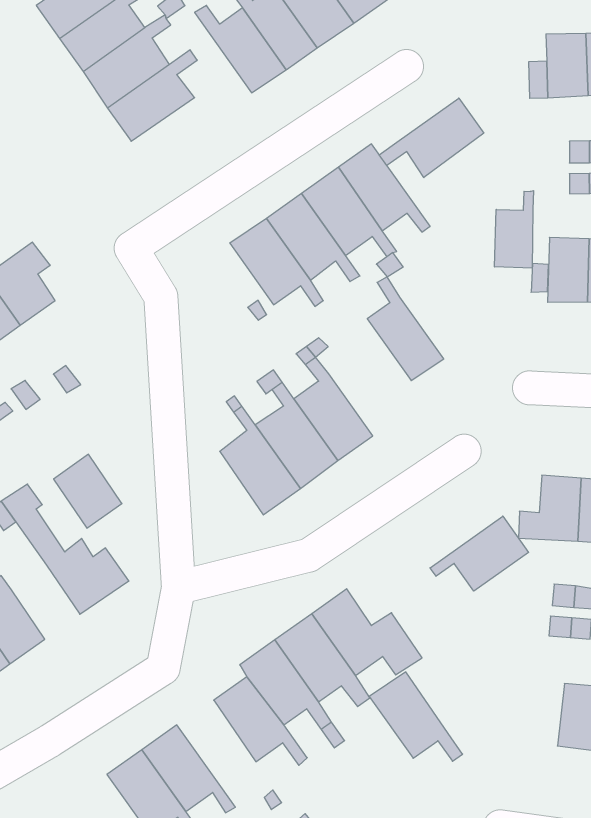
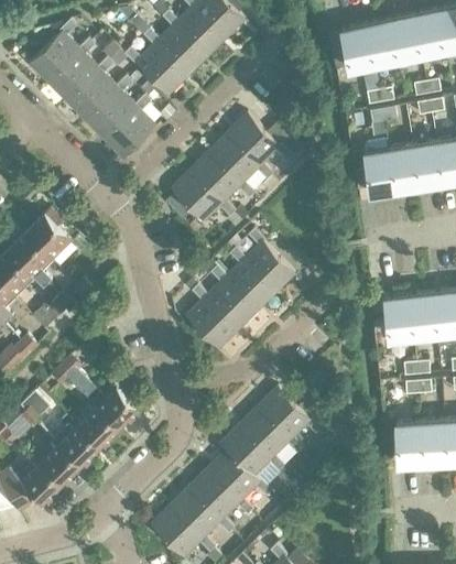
building: none -> [99,95,155,160]
building: [379,98,484,178] -> none
building: [495,191,533,268] -> none
building: [367,277,444,381] -> [243,231,294,292]
building: [54,454,122,528] -> [73,404,117,449]
building: [430,516,529,591] -> none
building: [369,672,463,761] -> [187,469,250,521]
building: none -> [394,423,421,463]

